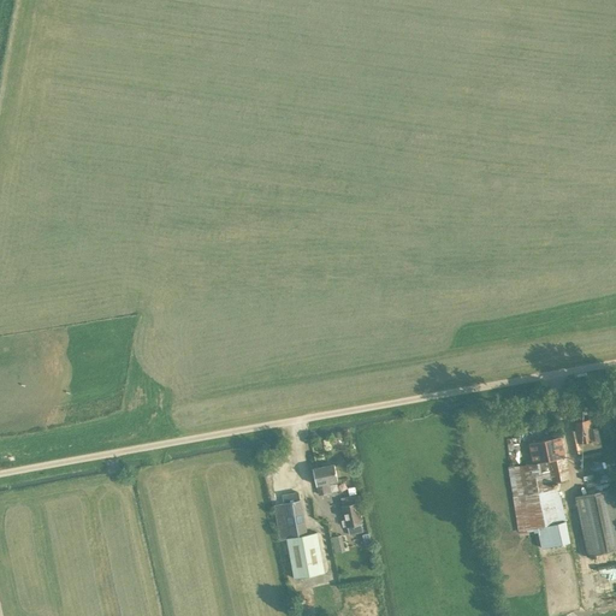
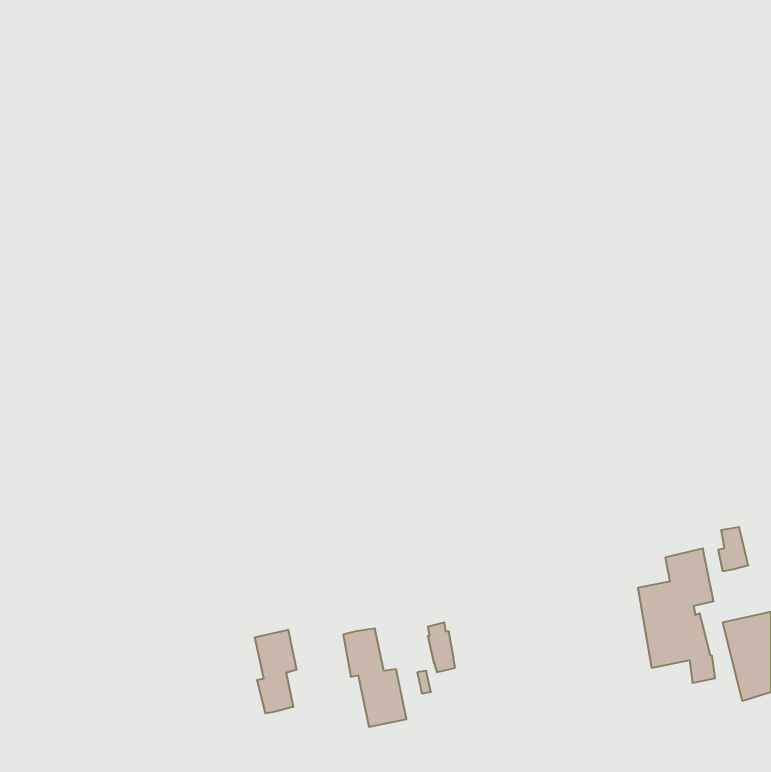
building: [312,464,337,496] -> none
building: none -> [255,630,297,713]

